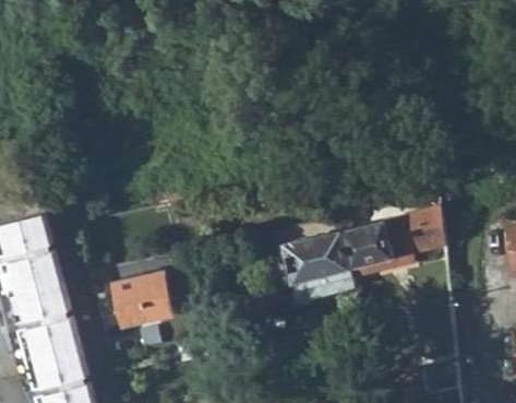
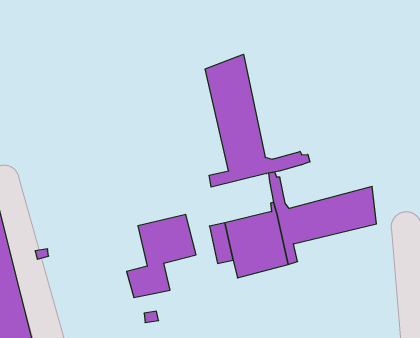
building: none -> [205,54,310,187]
building: [100,270,173,357] -> [127,214,196,297]

